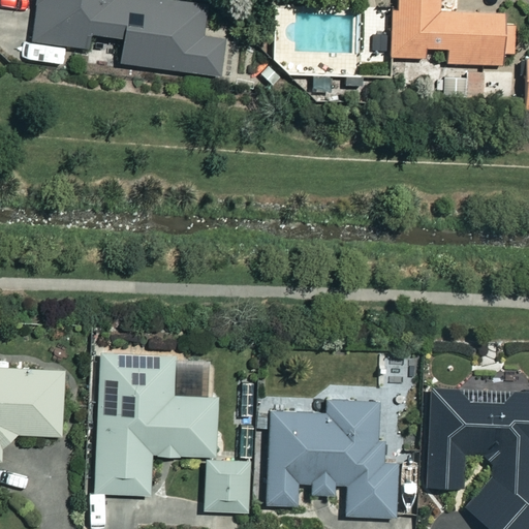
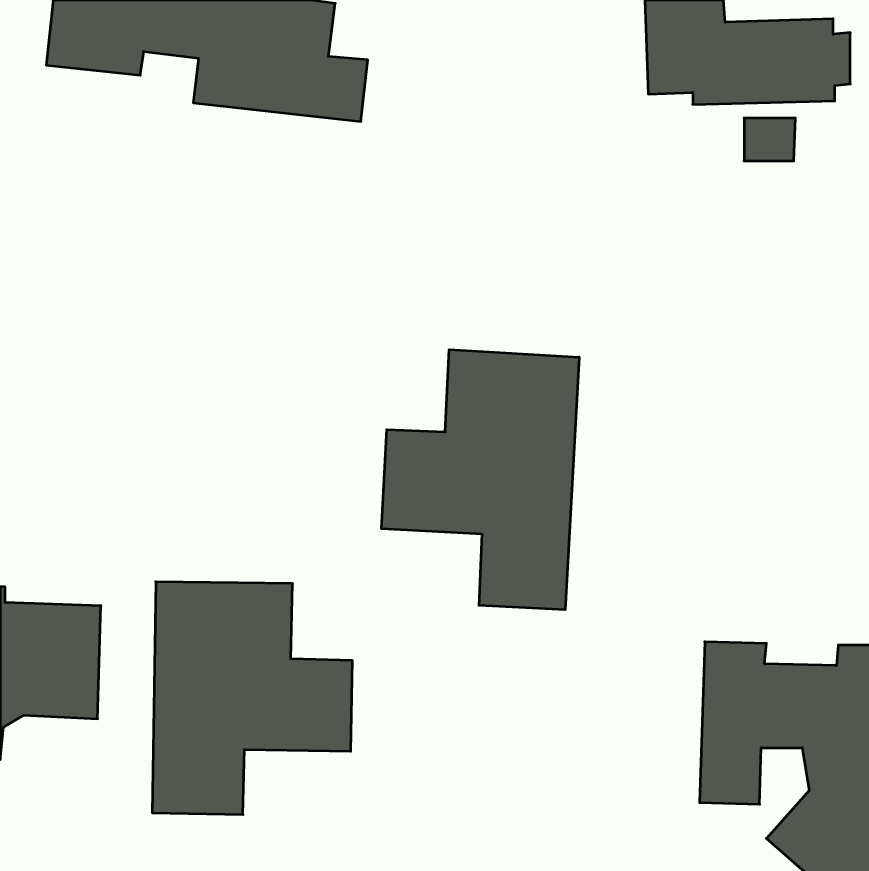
building: none -> [382,350,579,610]
building: [266,399,399,518] -> none
building: [204,460,250,512] -> none

